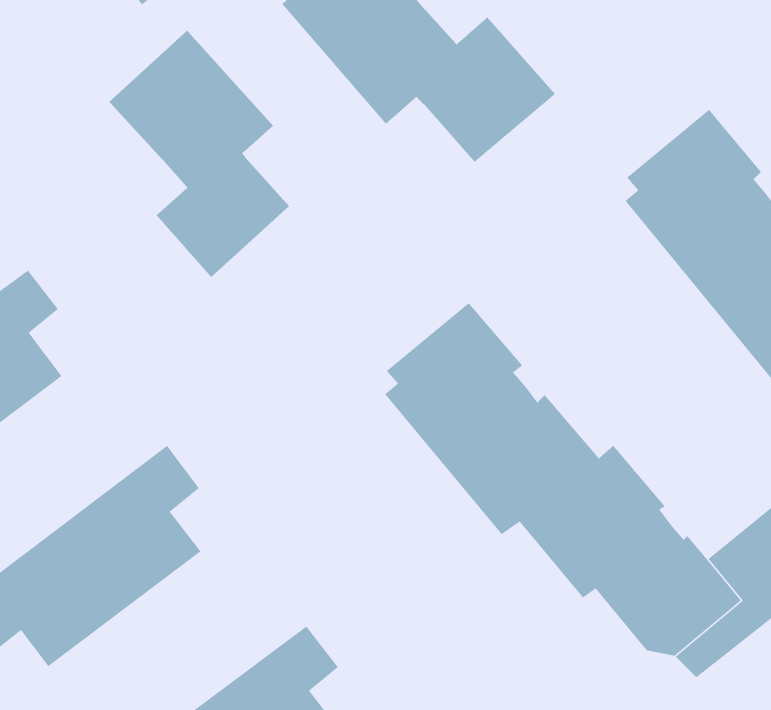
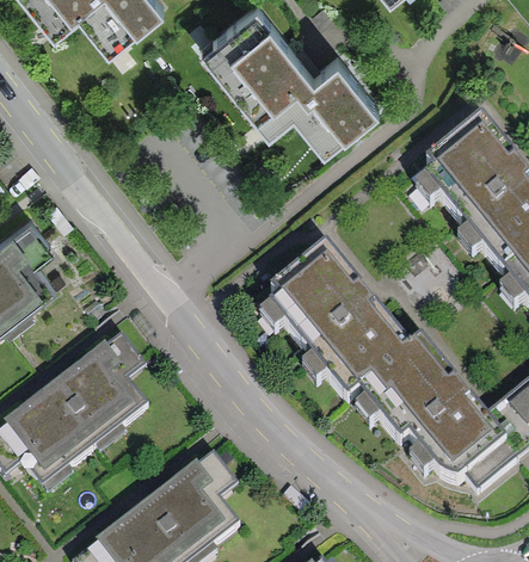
building: [109,30,290,278] -> none

